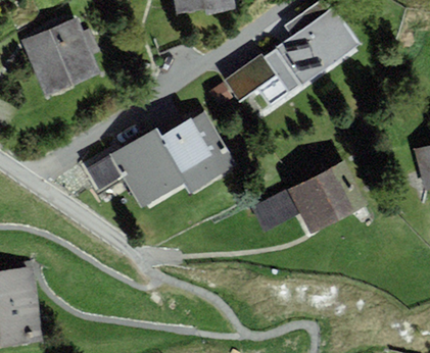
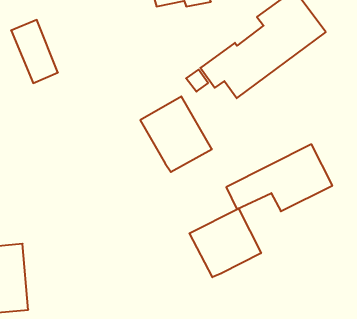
building: [50,18,100,86] -> none
building: [87,129,187,209] -> none
building: none -> [189,208,261,277]

